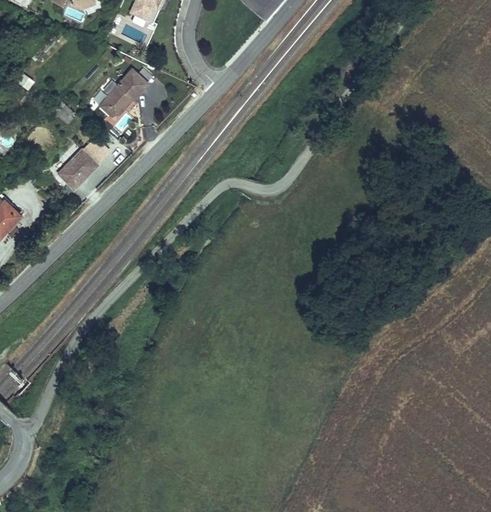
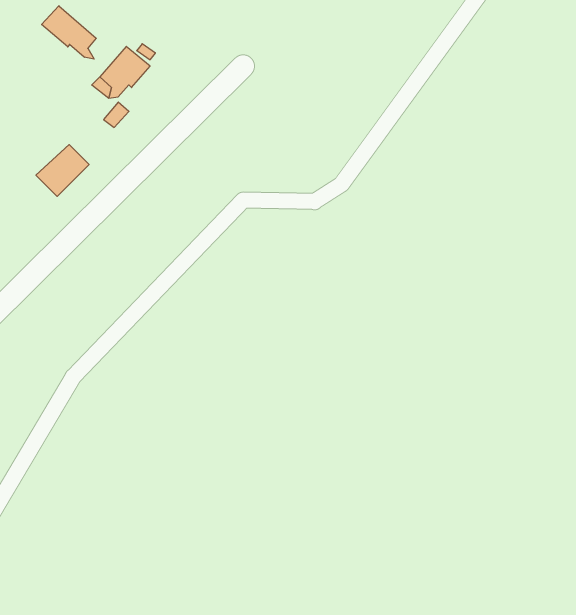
building: none -> [42,6,96,59]

